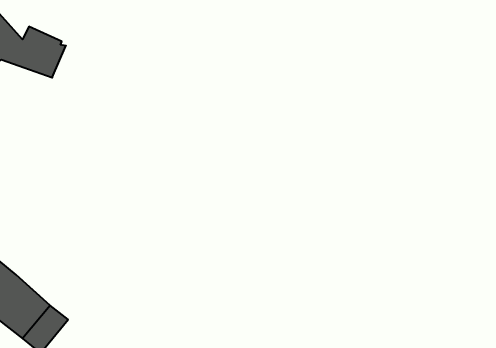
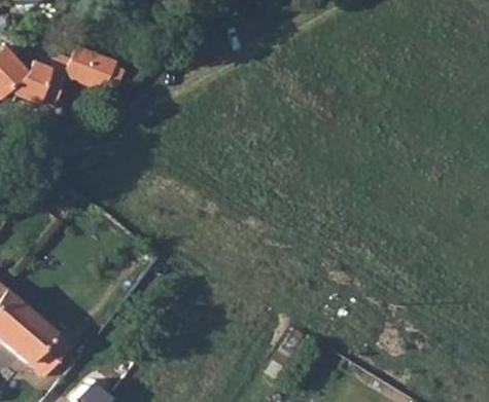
building: none -> [62,46,116,89]

